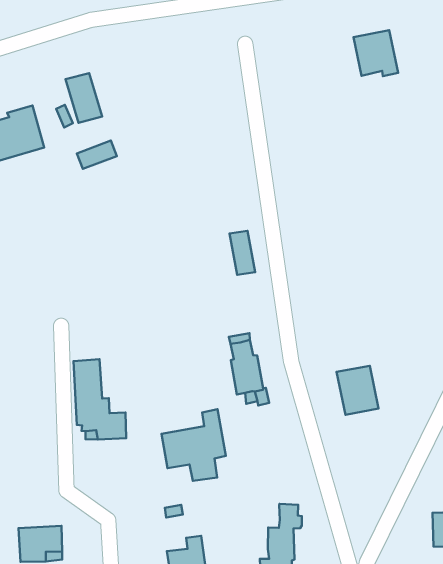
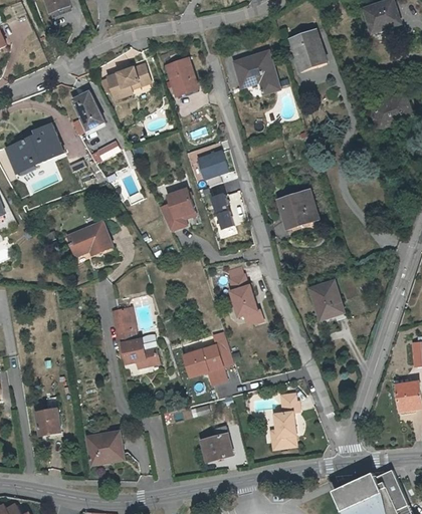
building: none -> [107,62,149,96]
building: none -> [169,57,199,90]
building: none -> [232,51,275,92]
building: none -> [197,151,228,179]
building: none -> [149,190,191,232]
building: none -> [278,188,314,225]
building: none -> [69,220,114,257]

